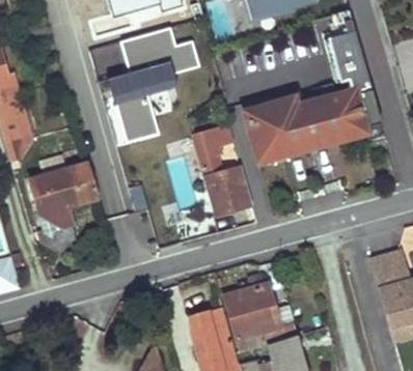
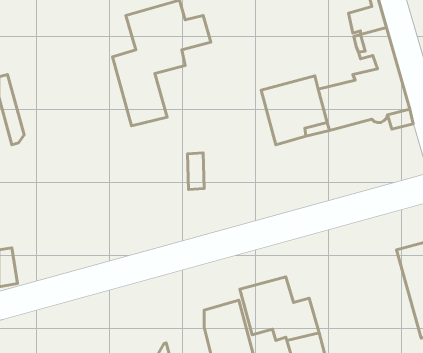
building: [193,124,251,213] -> none
building: [30,162,99,238] -> none

